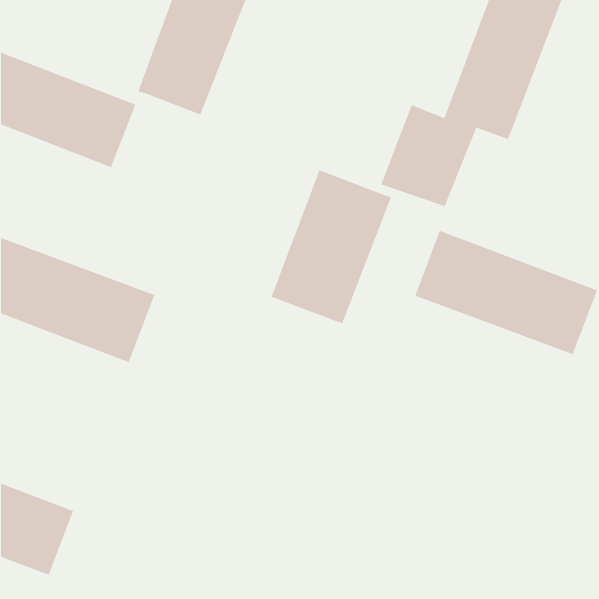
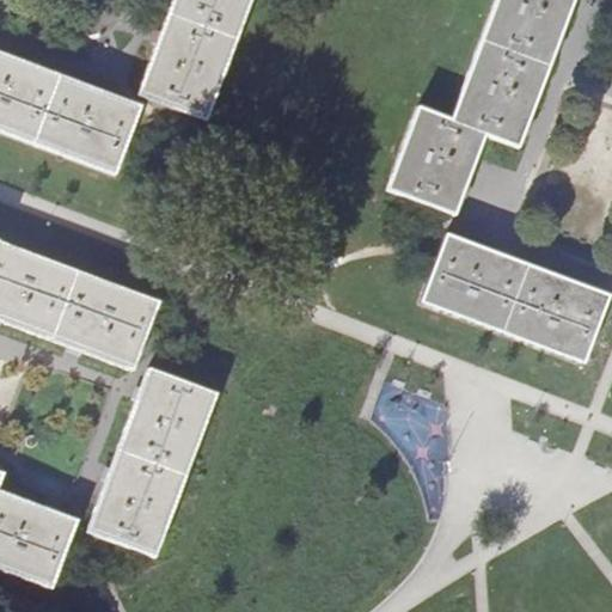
building: [271,170,392,324] -> none
building: none -> [90,372,215,555]

